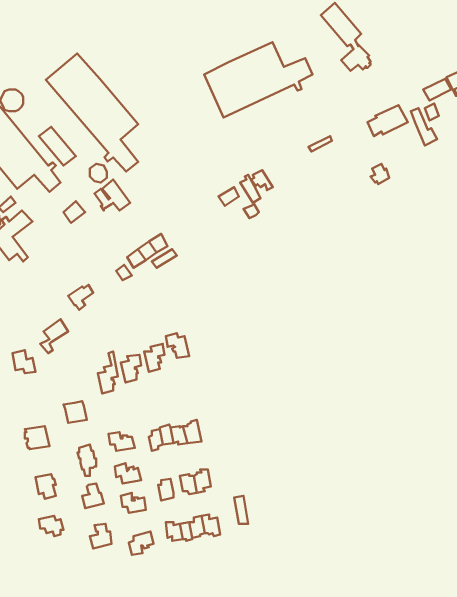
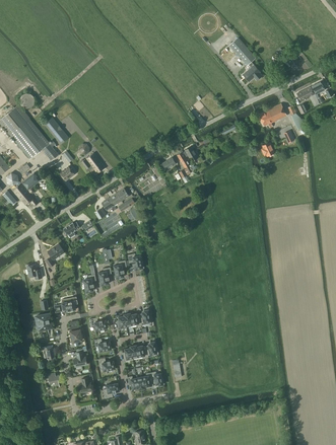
building: [204,42,312,118] -> none
building: [46,53,138,171] -> none

